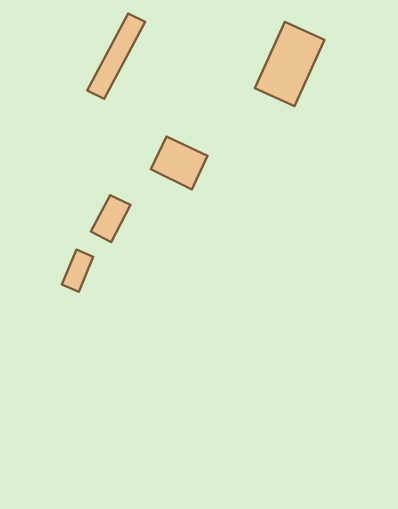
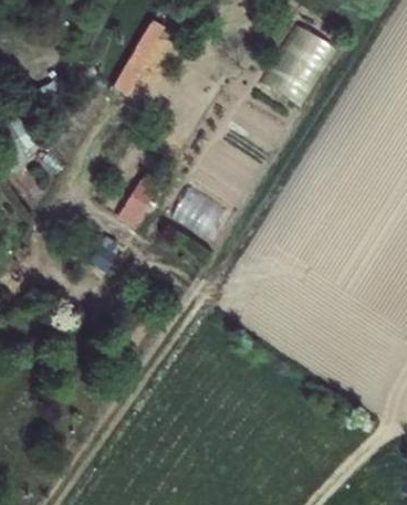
building: [151,137,207,190] -> [176,186,228,234]

